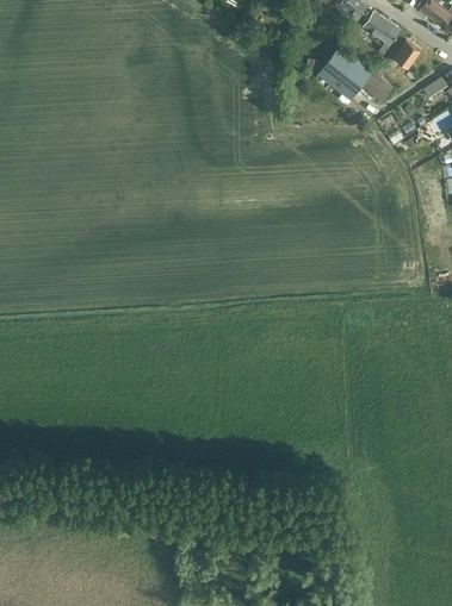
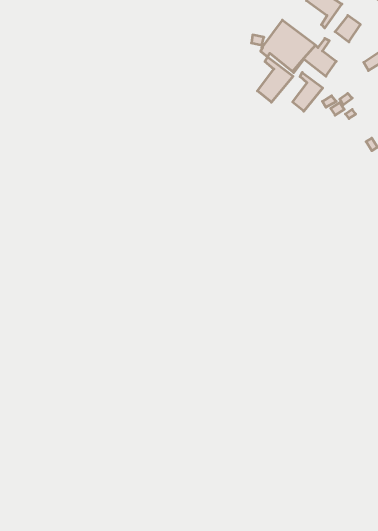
building: none -> [257,57,293,102]
building: none -> [293,72,323,111]

